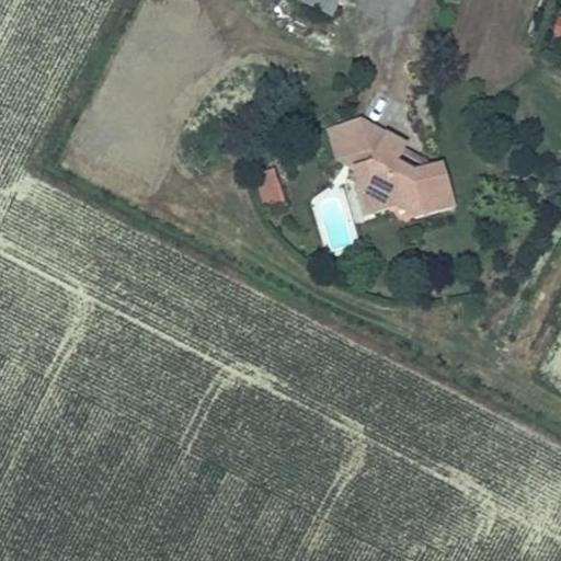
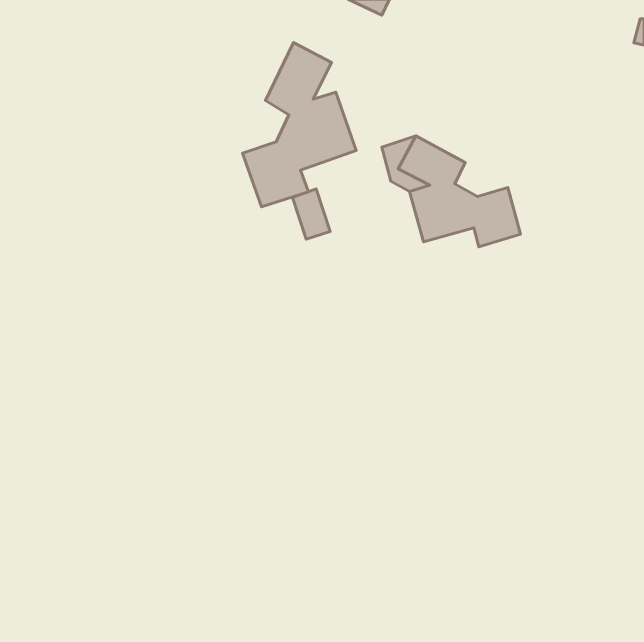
building: none -> [242,42,356,207]

